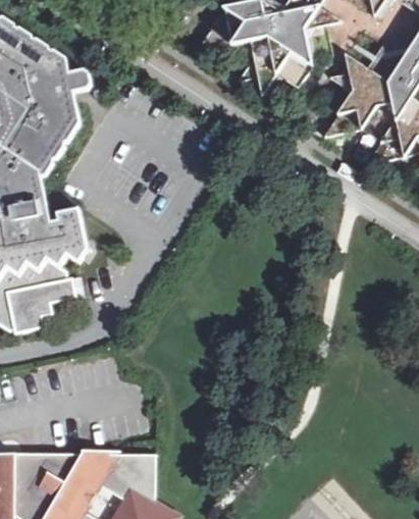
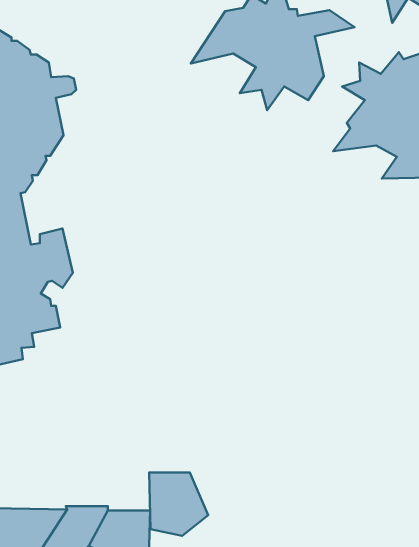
building: none -> [149,473,208,536]

